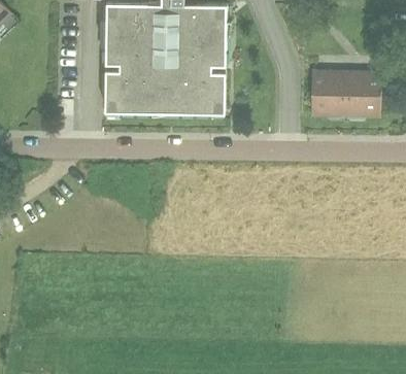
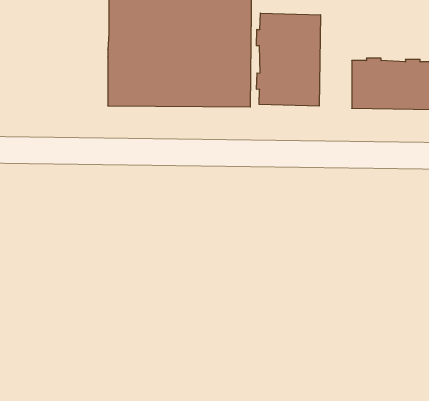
building: none -> [256,13,320,106]

